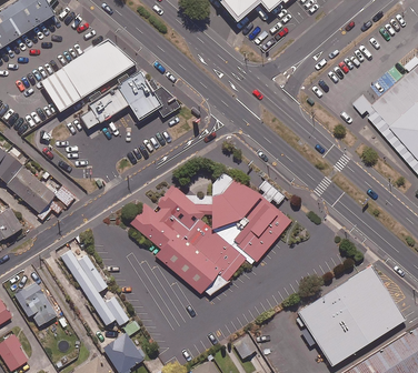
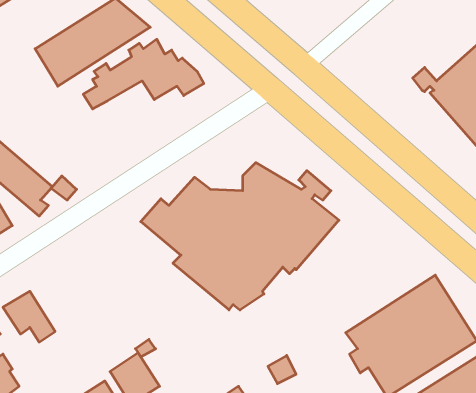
building: [60,249,129,324] -> none

